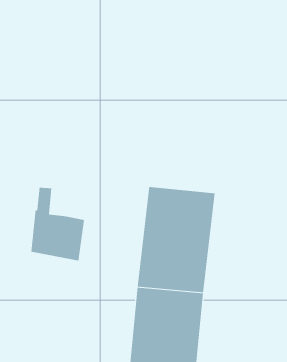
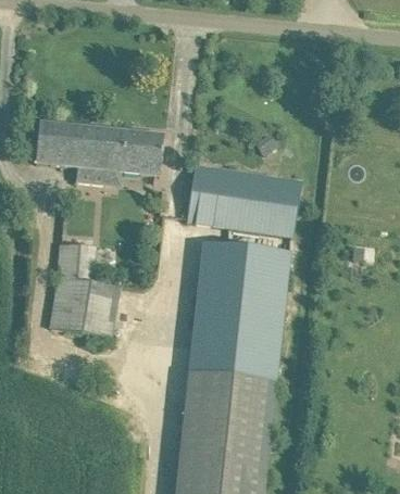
building: none -> [36,122,164,183]
building: none -> [188,165,300,237]

